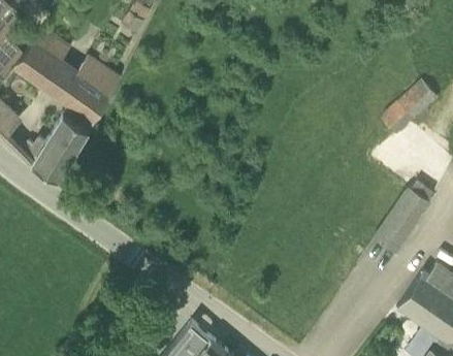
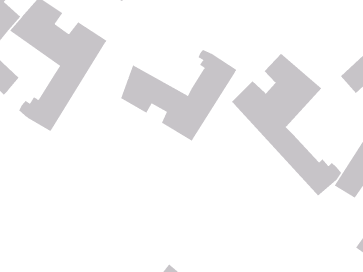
building: none -> [120,49,237,142]
building: none -> [231,53,342,196]

